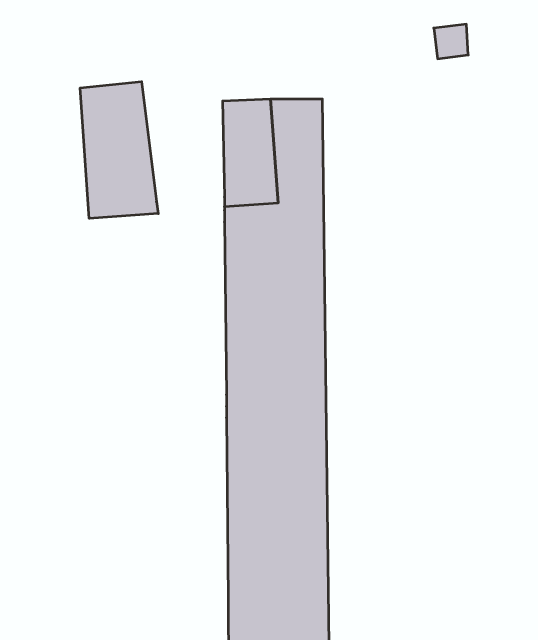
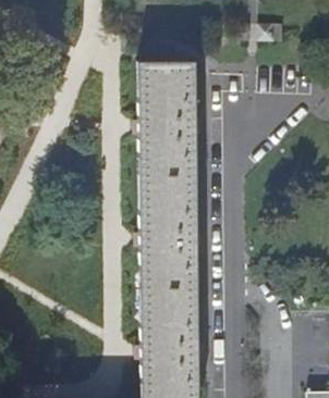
building: [80,82,158,218] -> none

